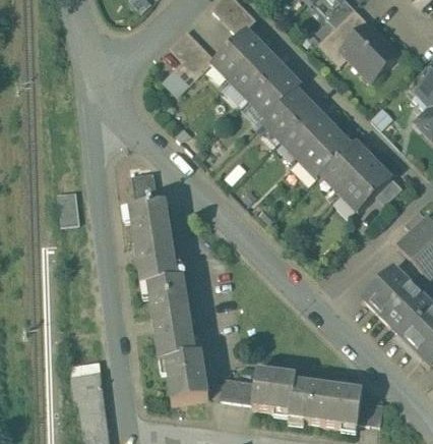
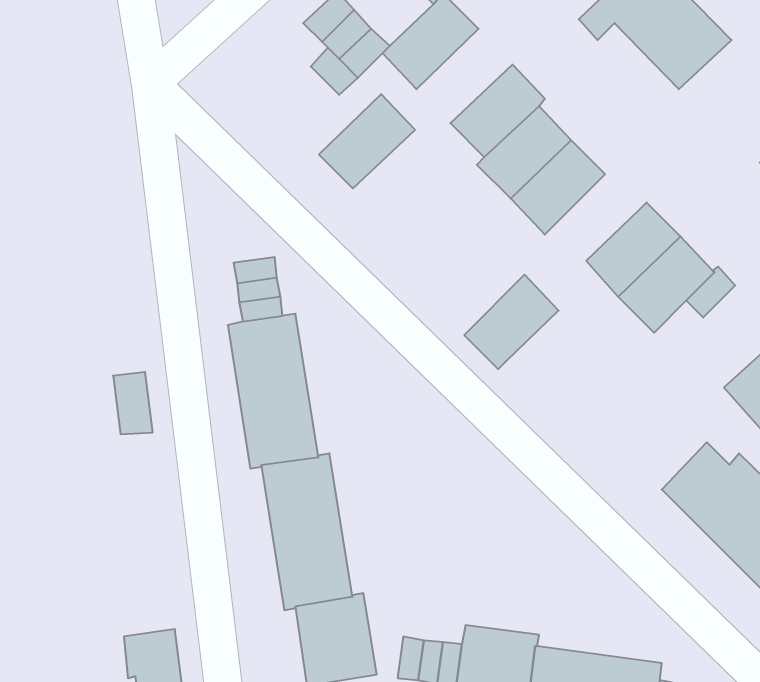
building: [230,48,282,99] -> [319,94,415,188]
building: [299,126,350,177] -> [464,275,559,369]
building: [57,190,78,224] -> [113,372,153,434]

